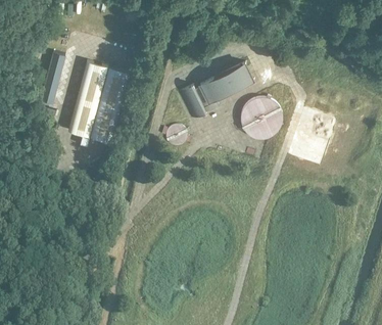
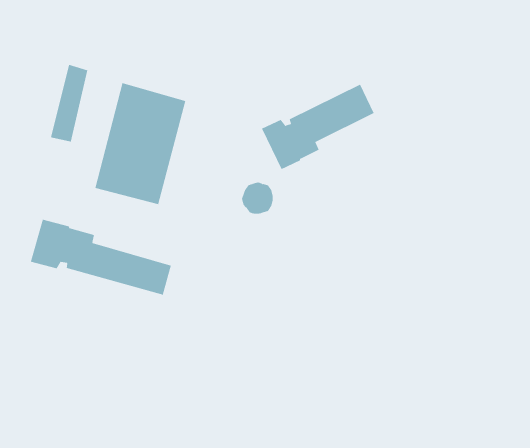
building: [241,97,284,140] -> none
building: none -> [30,219,172,296]

